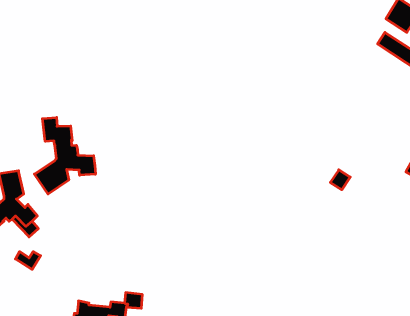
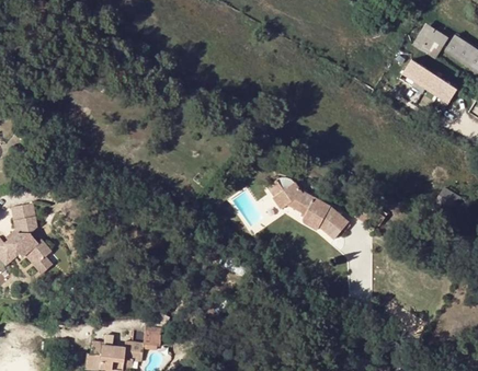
building: [34,117,95,194] -> none
building: none -> [268,179,349,239]

